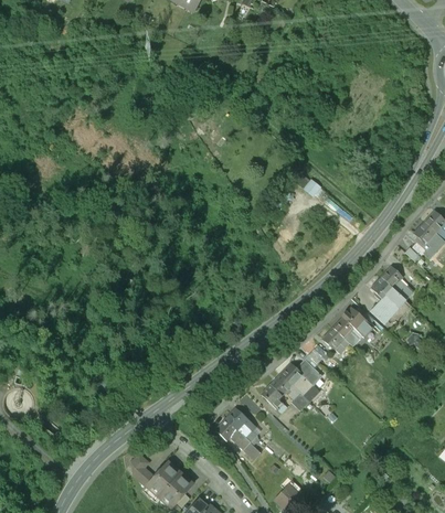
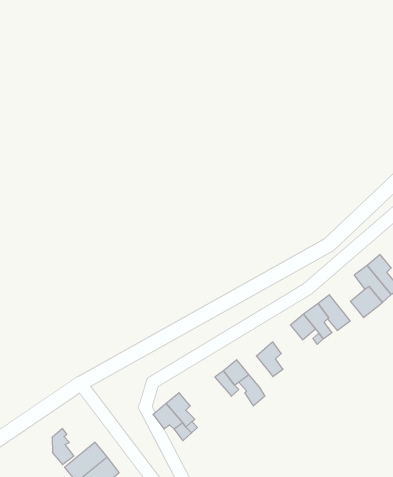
building: [282,364,315,396] -> none

